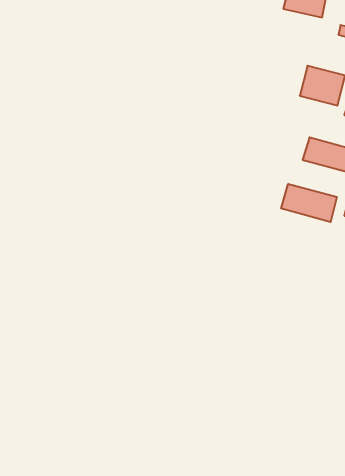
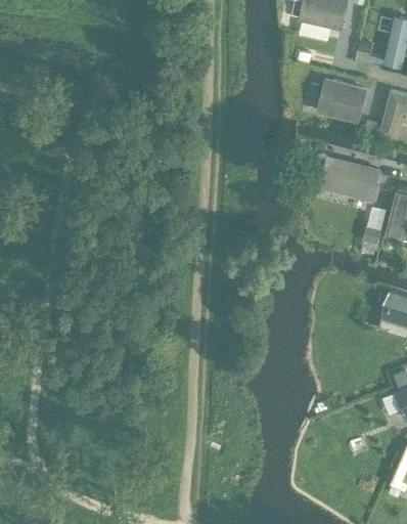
building: [281,184,337,222] -> none

